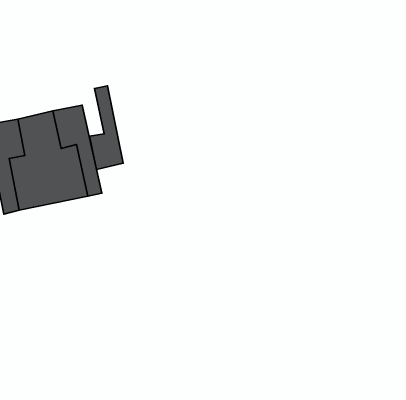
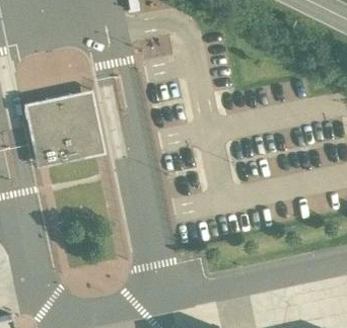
building: [90,86,123,169] -> none

